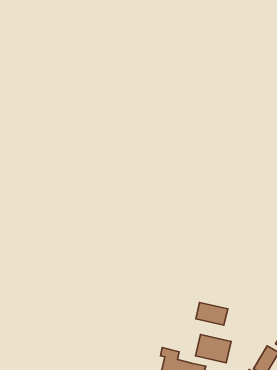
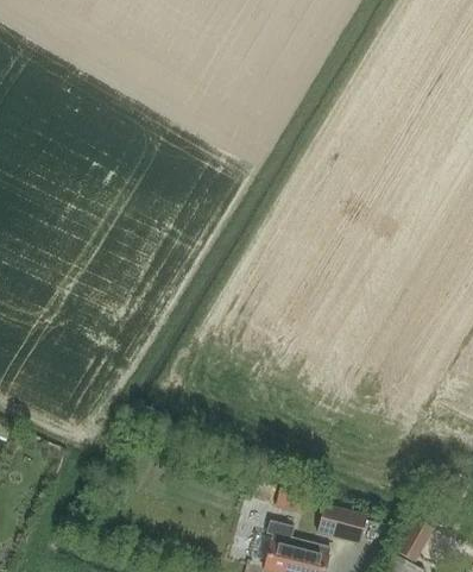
building: [196,303,228,325] -> none

